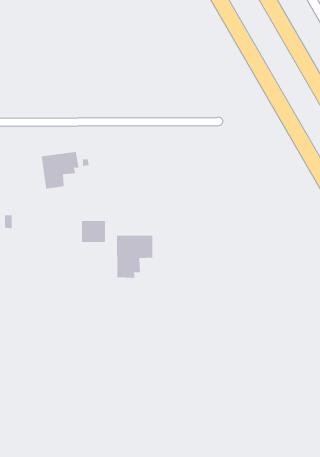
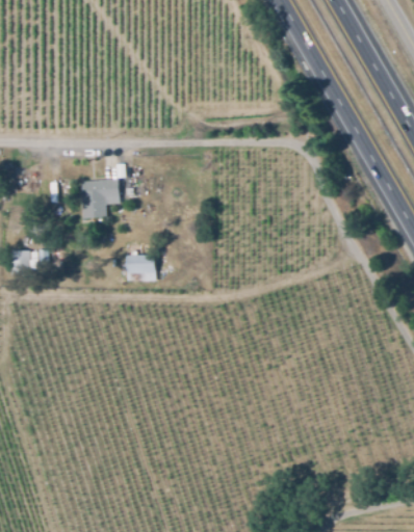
building: [116,235,153,278] -> none

